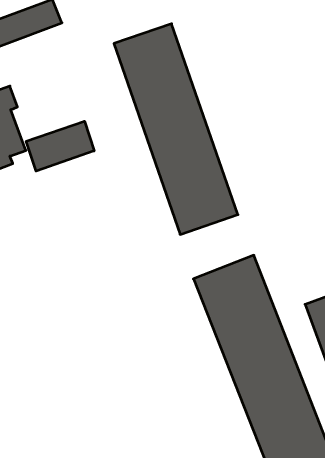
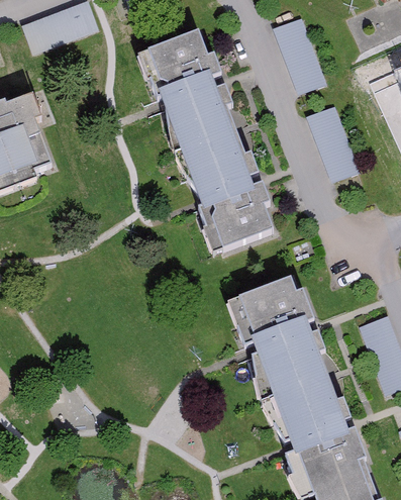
building: none -> [270,20,320,95]
building: none -> [303,107,355,181]
building: [26,121,94,171] -> none

